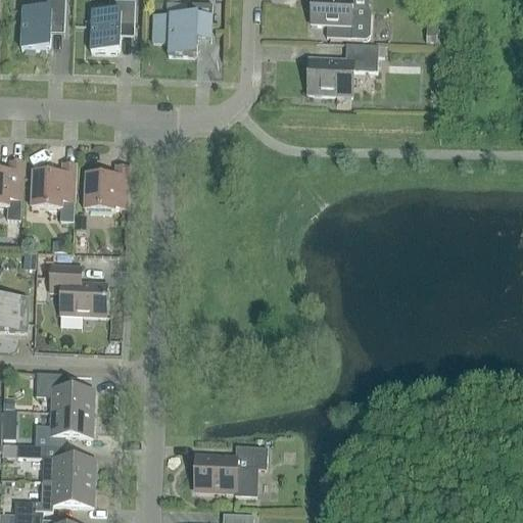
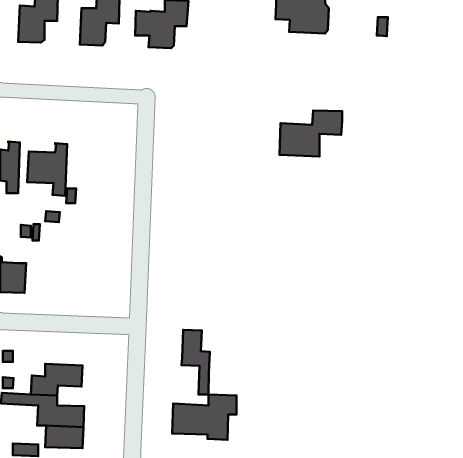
building: [307,42,378,94] -> [280,110,342,157]
building: [84,164,129,208] -> none
building: [50,264,107,315] -> none
building: none -> [182,330,210,395]
building: [36,372,94,412] -> none

